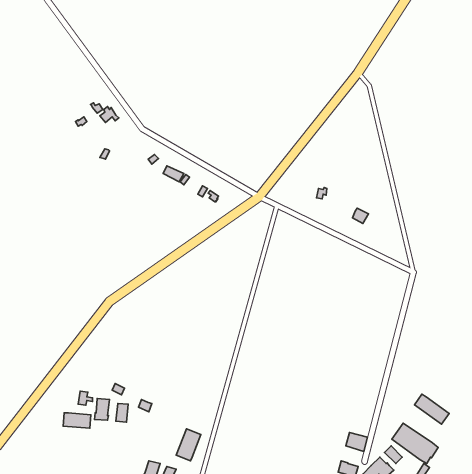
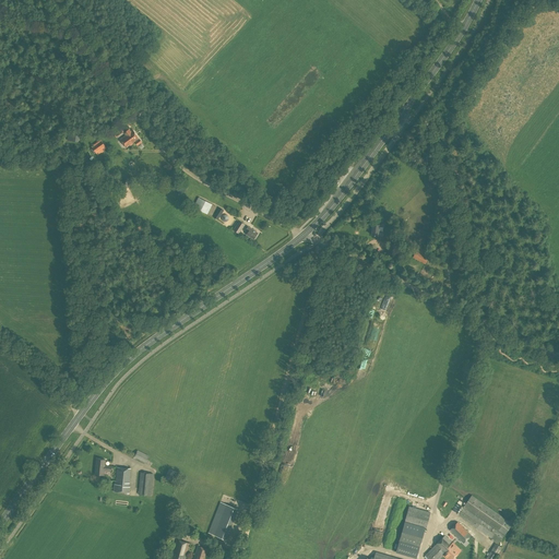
building: [414,394,449,424] -> none
building: [63,413,91,428] -> none

